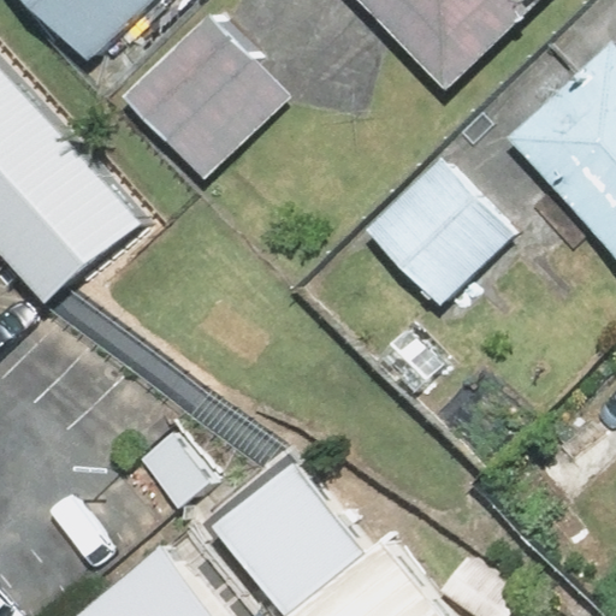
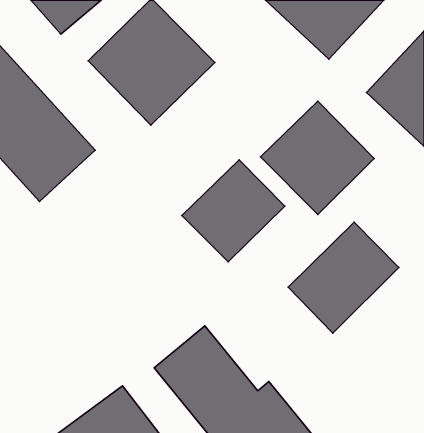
building: none -> [182,160,285,262]
building: none -> [288,222,399,333]

